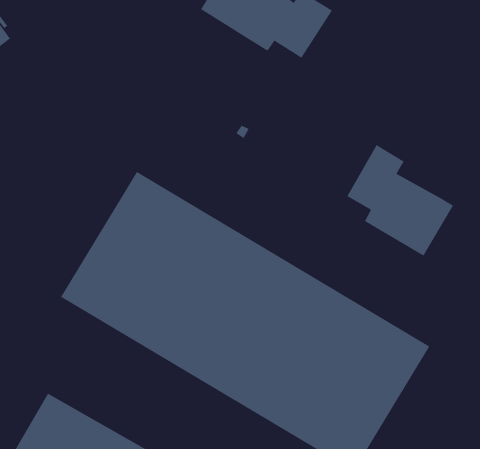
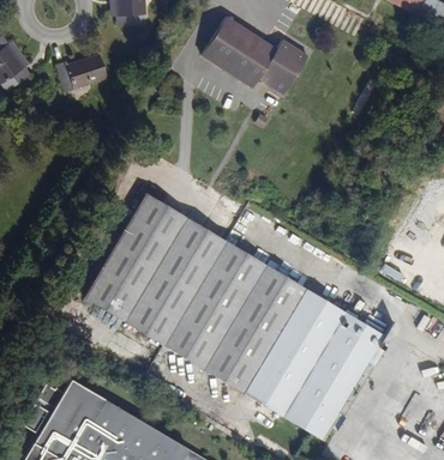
building: none -> [60,53,113,92]
building: [347,144,454,256] -> none

